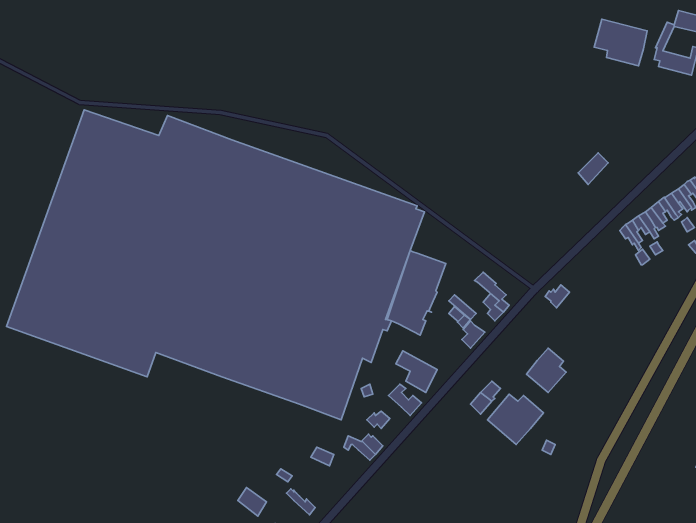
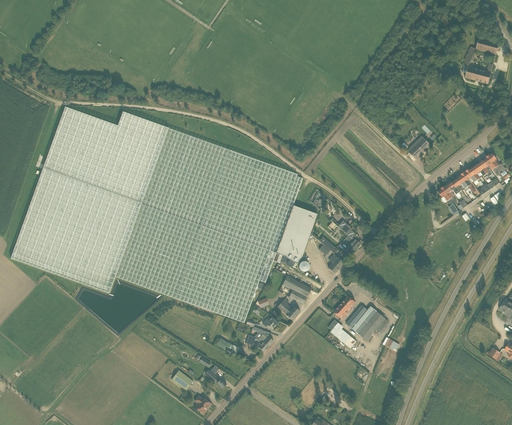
building: [594,19,647,66] -> none
building: [526,348,566,393] -> none

